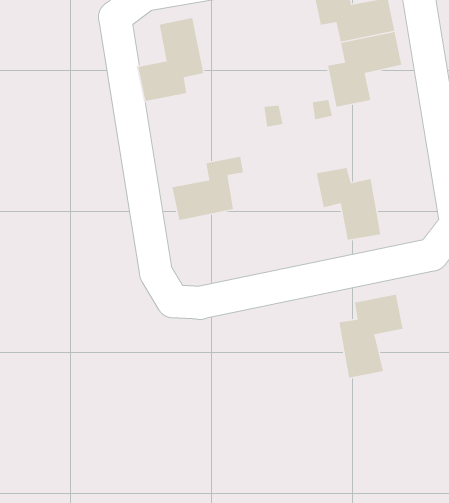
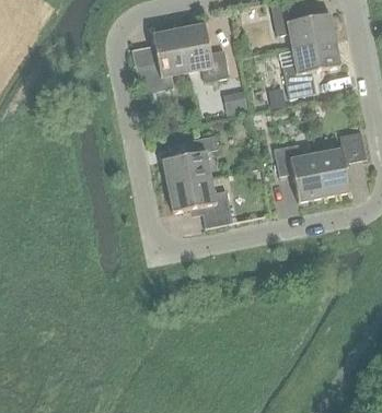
building: none -> [177,23,228,80]
building: none -> [166,176,232,226]
building: [339,294,404,379] -> [315,130,366,196]

